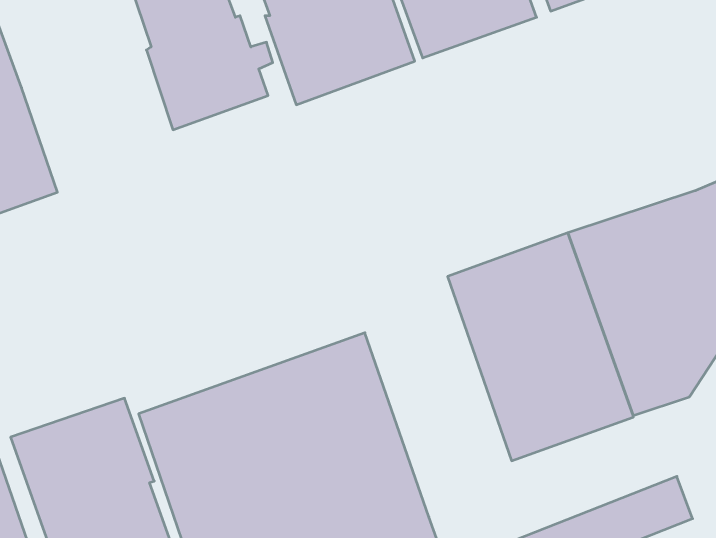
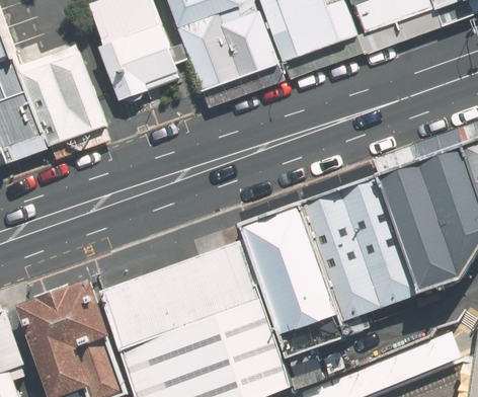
building: none -> [22,60,105,148]
building: none -> [240,203,346,359]

